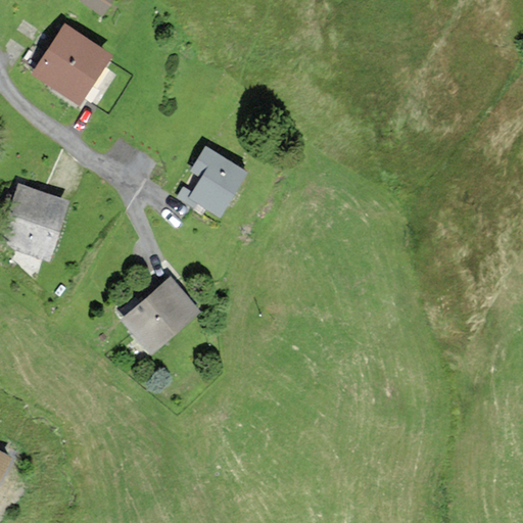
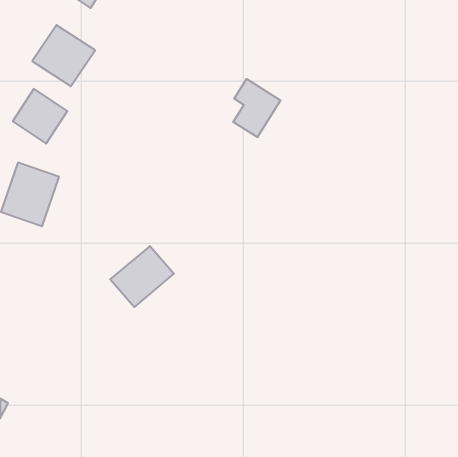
building: none -> [13,89,67,144]
building: [192,147,246,213] -> [233,79,281,137]

